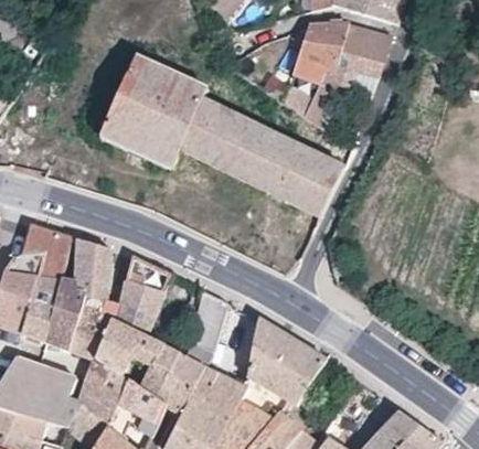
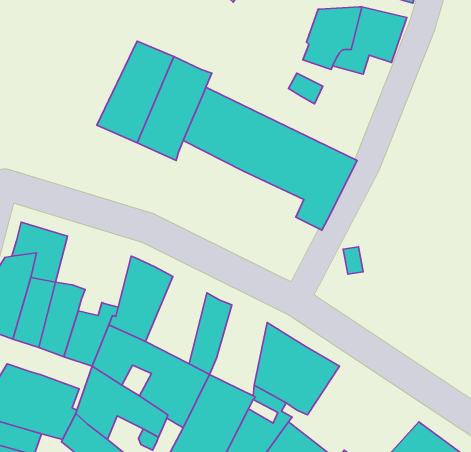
building: [76,239,111,303] -> none

